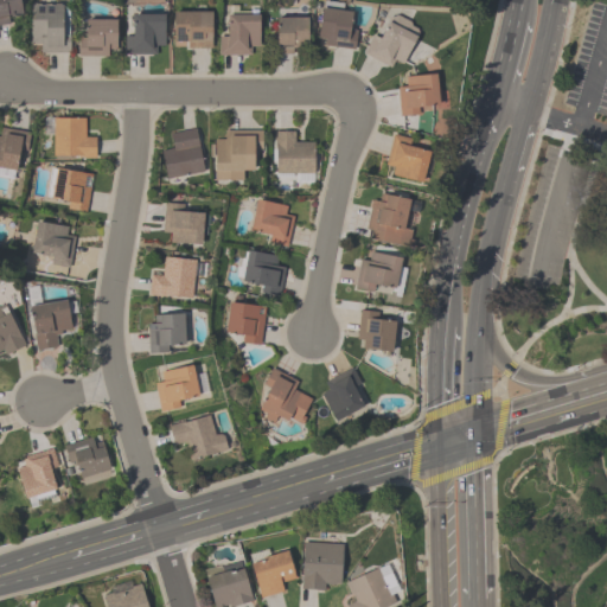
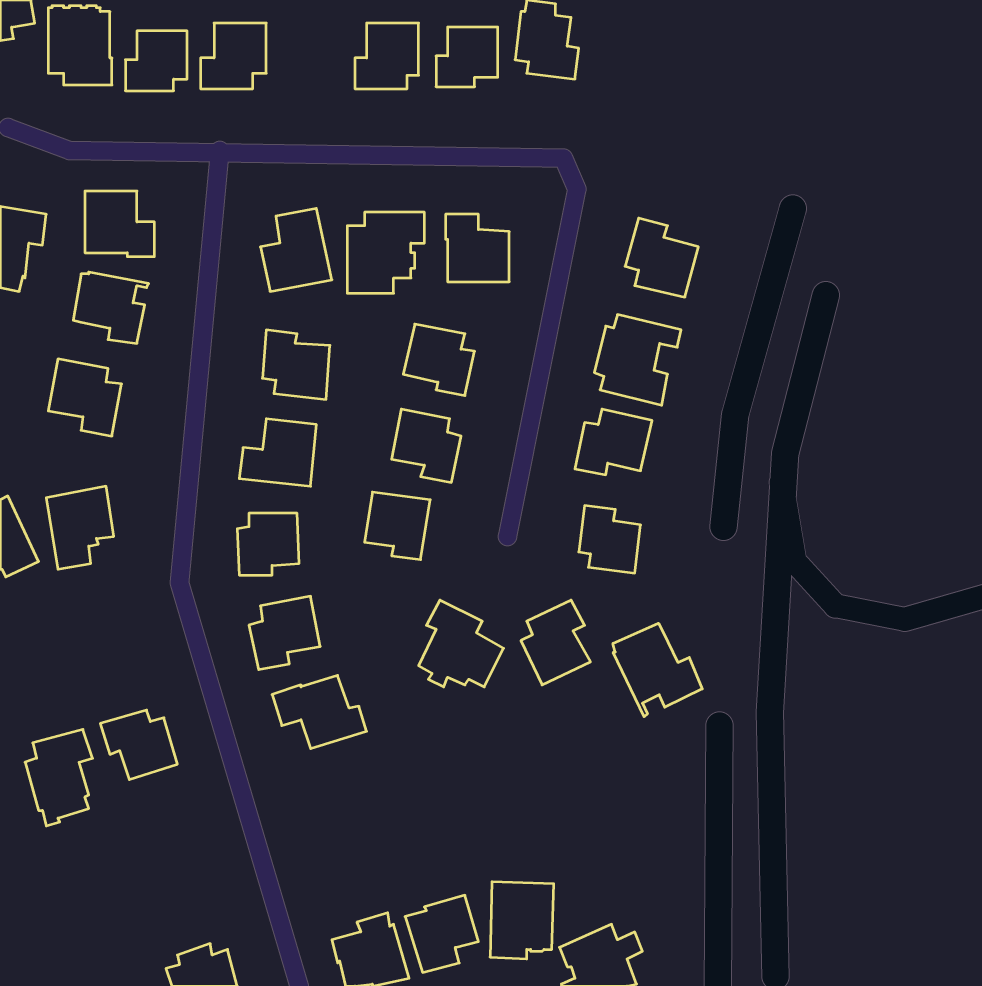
building: [174,11,212,47] -> none
building: [364,14,422,68] -> none
building: [400,74,440,115] -> none
building: none -> [613,623,702,717]

